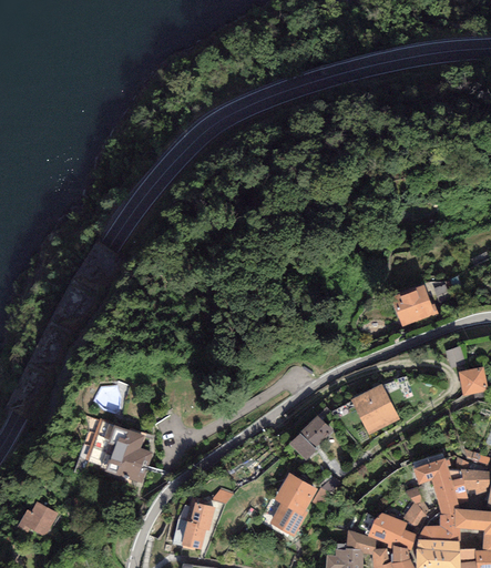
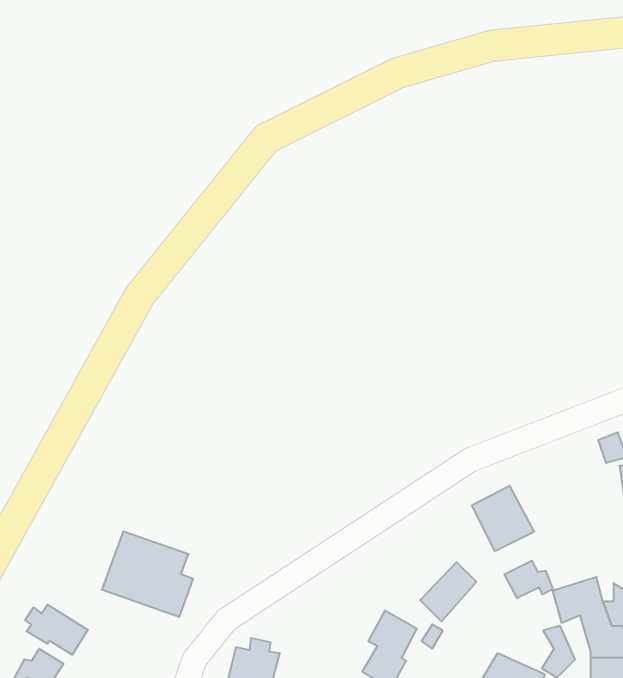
building: [393,286,438,324] -> none
building: [291,416,333,459] -> [420,562,476,621]
building: none -> [504,561,553,598]
building: none -> [25,605,88,655]

